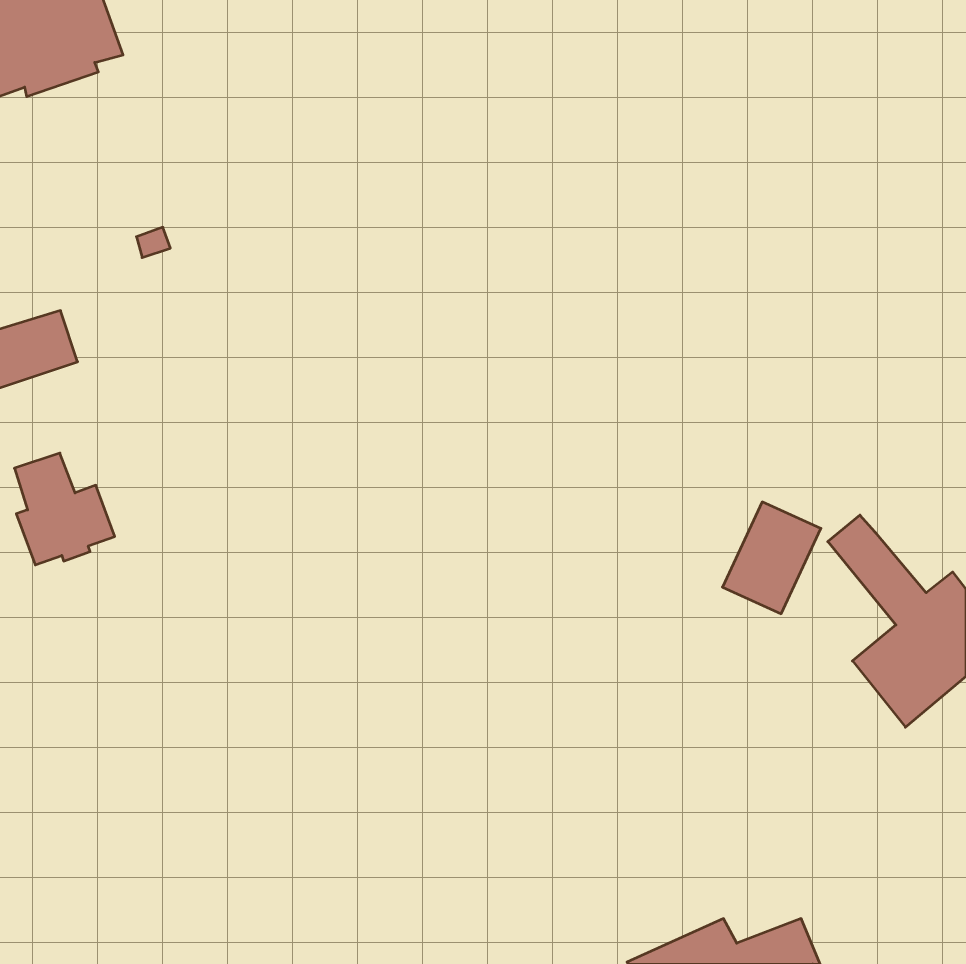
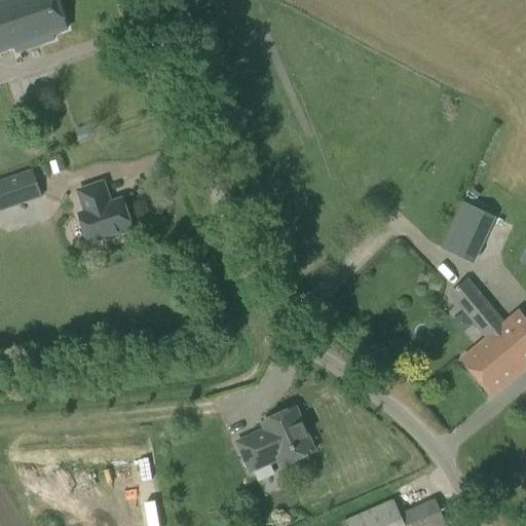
building: [14,453,115,565] -> [79,182,134,242]
building: [722,502,821,614] -> [441,201,494,262]
building: none -> [237,408,313,469]

